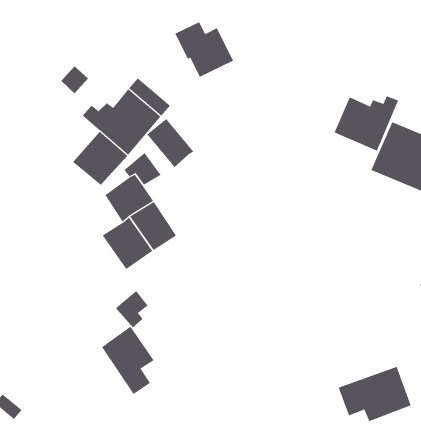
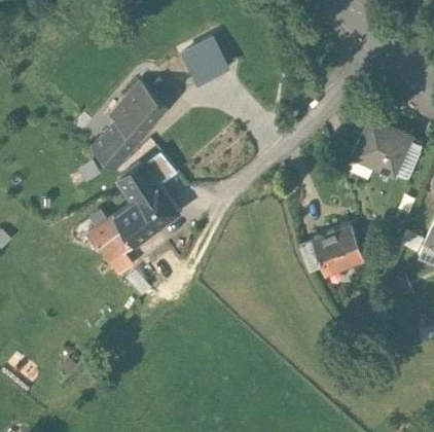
building: [334,95,399,152] -> none
building: [146,118,194,168] -> none
building: [101,326,154,395] -> [91,216,137,276]
building: [338,366,412,422] -> [303,229,367,278]

